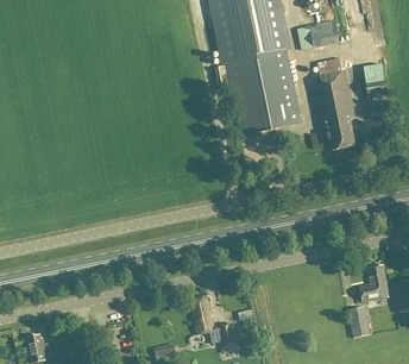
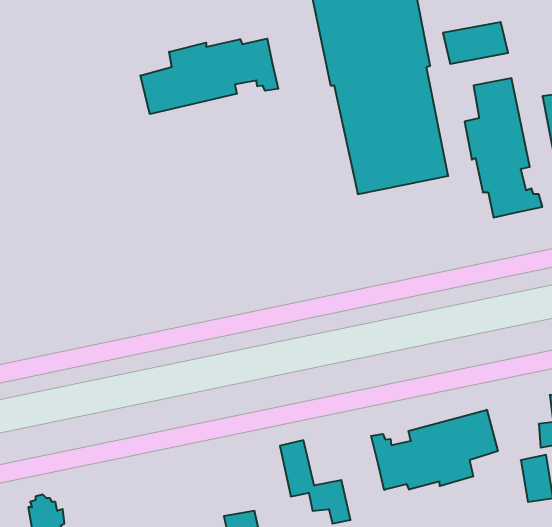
building: none -> [140,39,278,114]
building: none -> [371,410,498,490]

